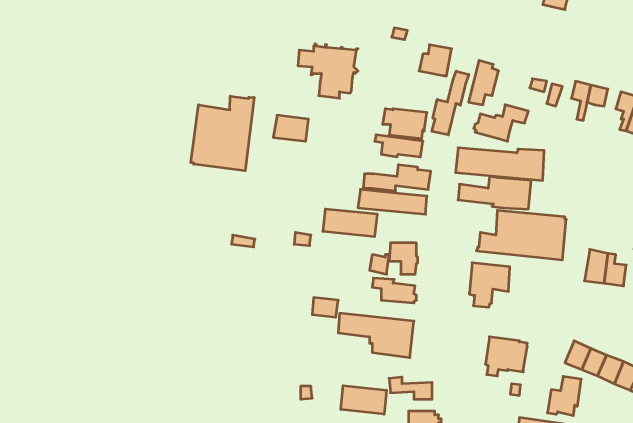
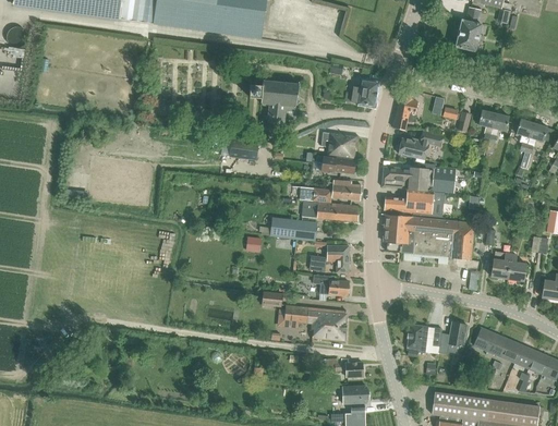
building: [432,71,469,135] -> none
building: [191,96,254,171] -> none
building: [469,263,510,307] -> [383,215,416,252]
building: [547,376,581,416] -> [438,321,466,354]
building: [341,386,386,414] -> none

